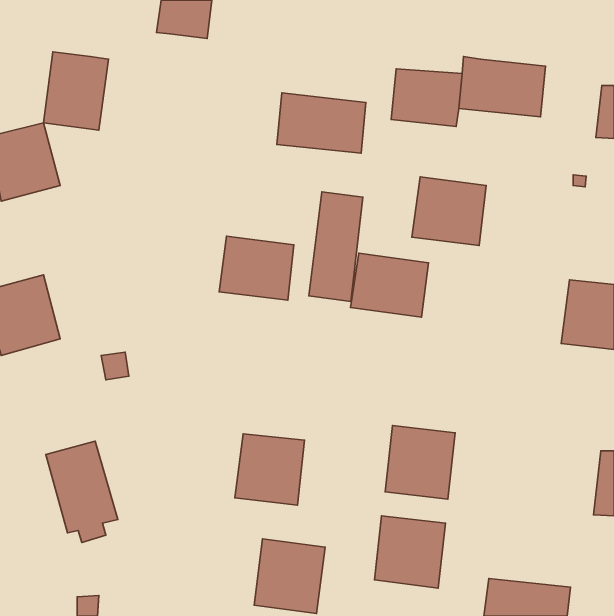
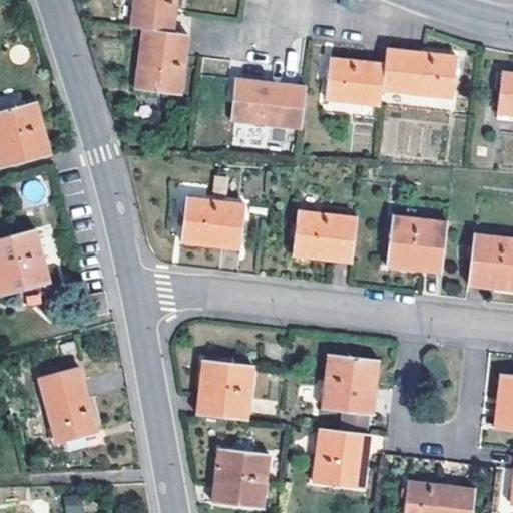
building: [43,52,108,130] -> [133,28,187,93]
building: [412,177,486,246] -> [386,215,448,273]
building: [309,192,363,302] -> none

